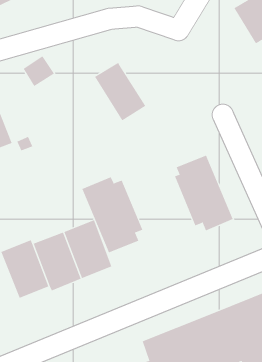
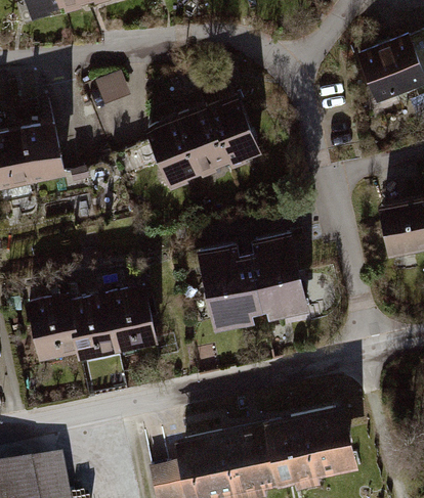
building: none -> [209,92,264,163]
building: none -> [144,115,200,186]
building: [81,177,143,253] -> [200,242,264,332]

